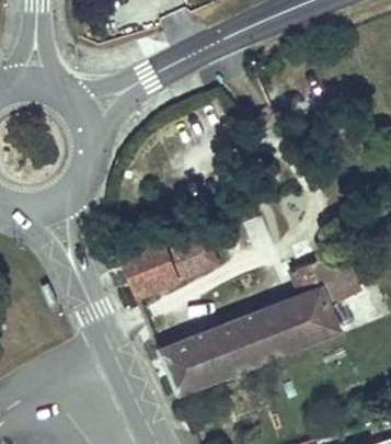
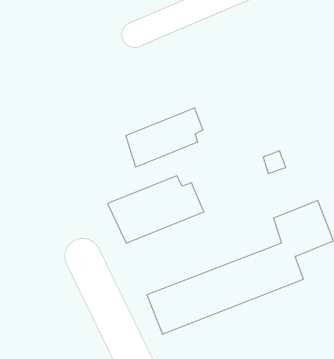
building: none -> [126,108,203,167]

